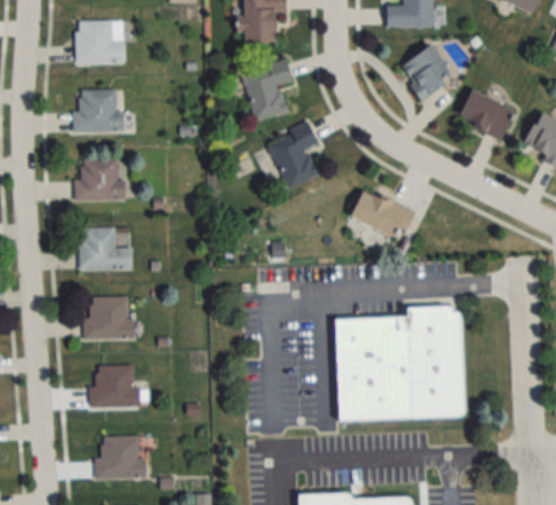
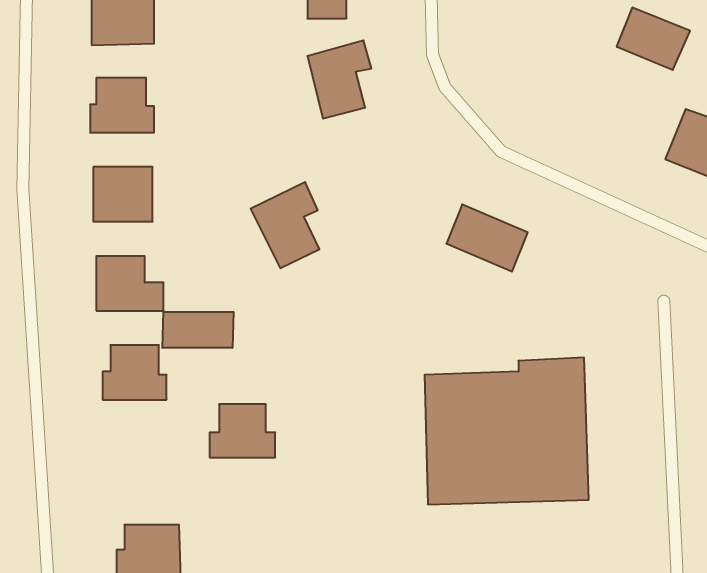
building: [399,45,453,98] -> none
building: [458,90,515,138] -> [617,7,690,70]
building: [266,121,319,188] -> [251,182,319,268]
building: none -> [162,312,233,348]
building: [90,365,141,407] -> [210,404,275,457]

